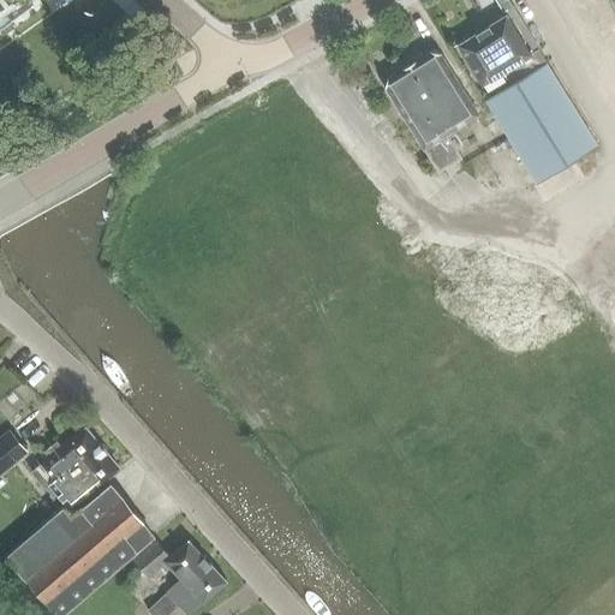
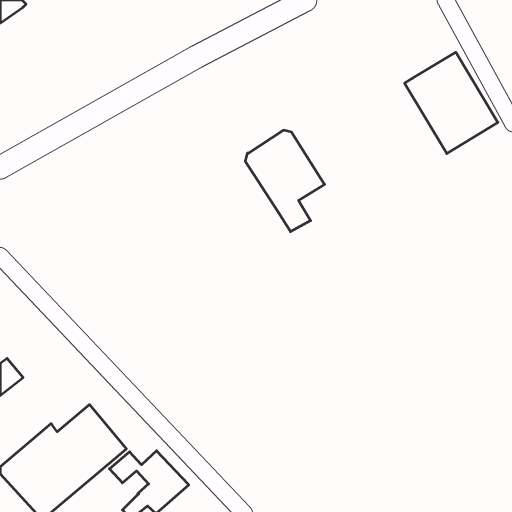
building: [458,17,547,95] -> none
building: [384,52,479,173] -> [245,130,325,232]
building: [32,429,119,509] -> none

